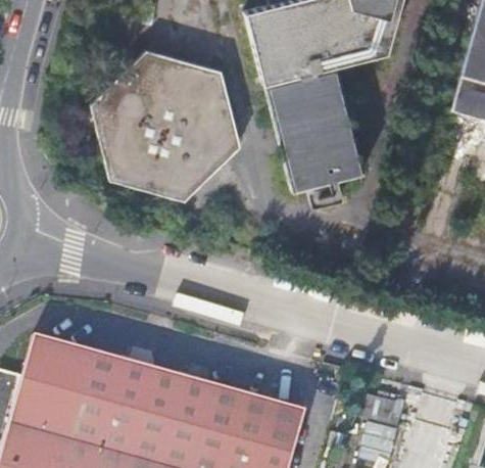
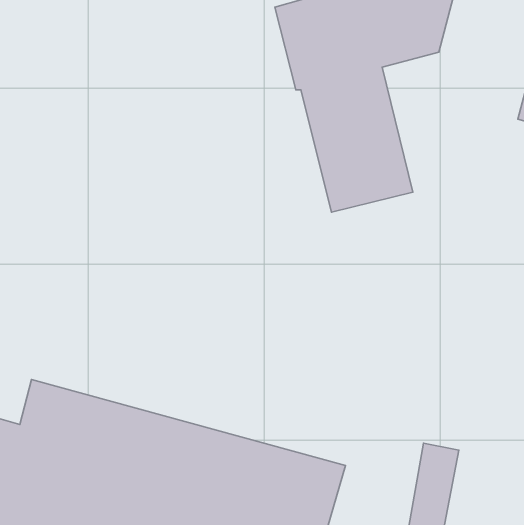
building: [89,52,235,202] -> none

